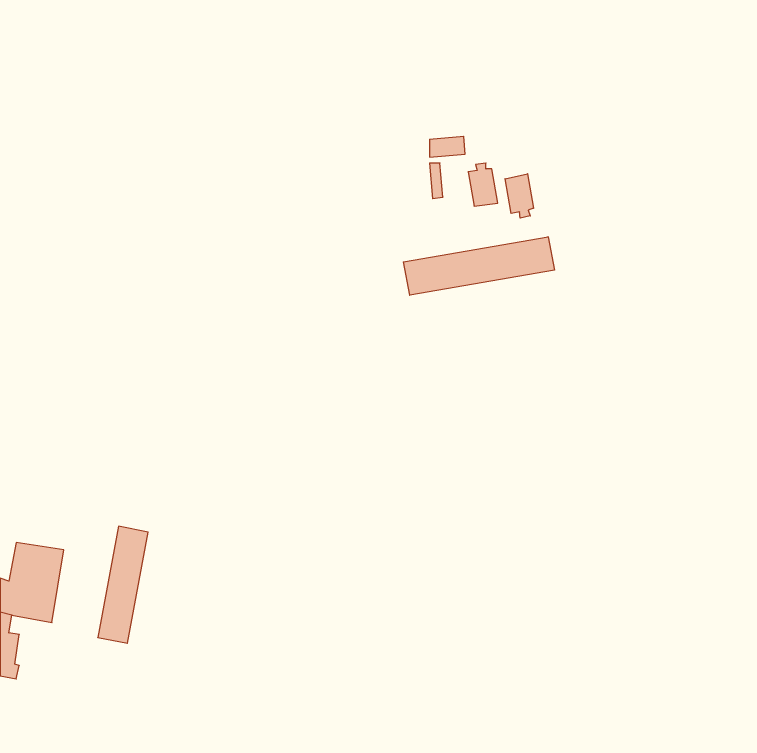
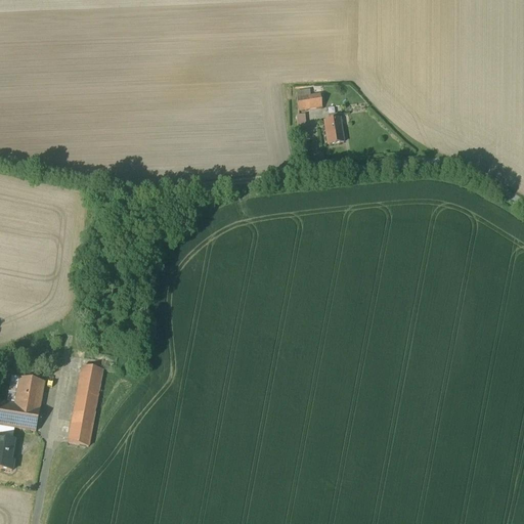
building: [505,174,534,218] -> none
building: [403,237,554,295] -> none

